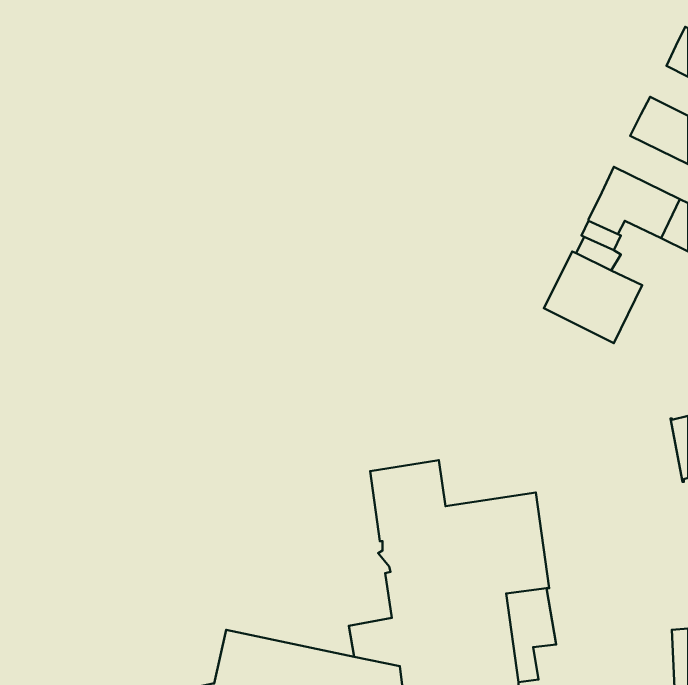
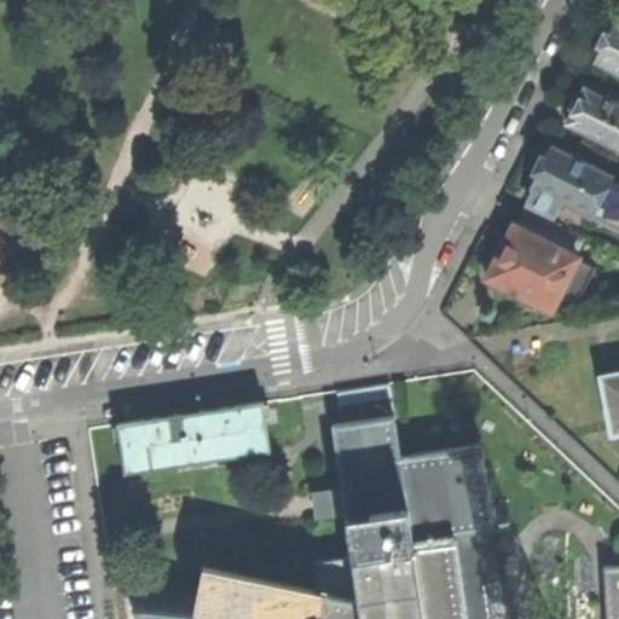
building: none -> [116,403,271,475]

